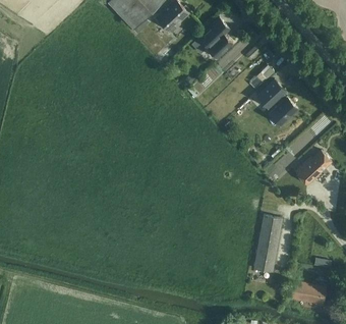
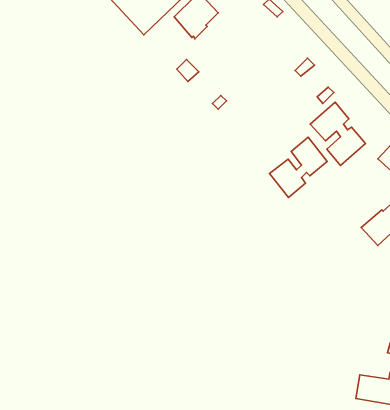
building: [198,17,233,59] -> none
building: none -> [270,137,327,198]
building: [255,216,284,272] -> none

